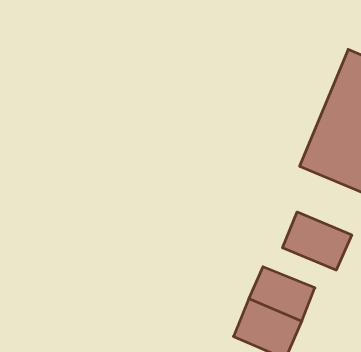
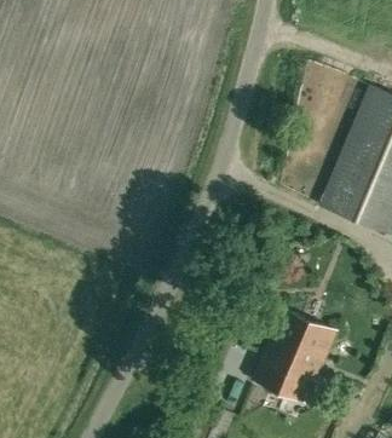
building: [283,212,352,270] -> none

